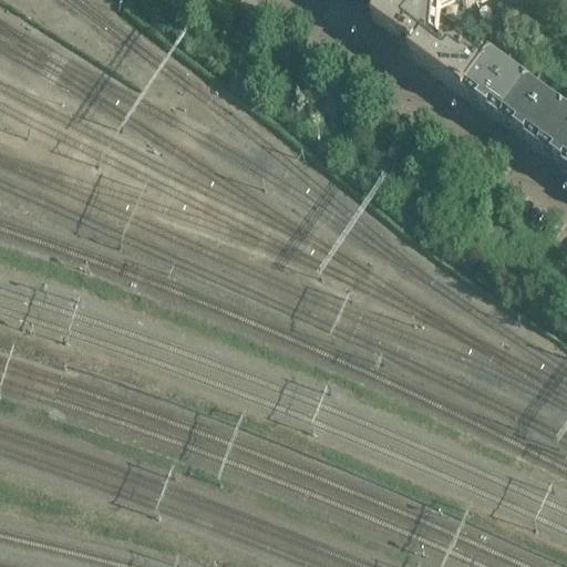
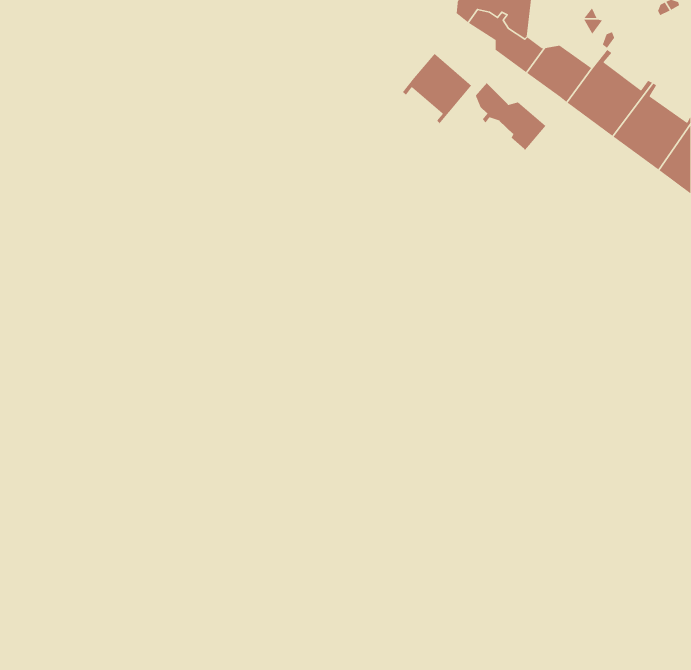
building: none -> [402,53,472,124]
building: none -> [475,82,546,152]

